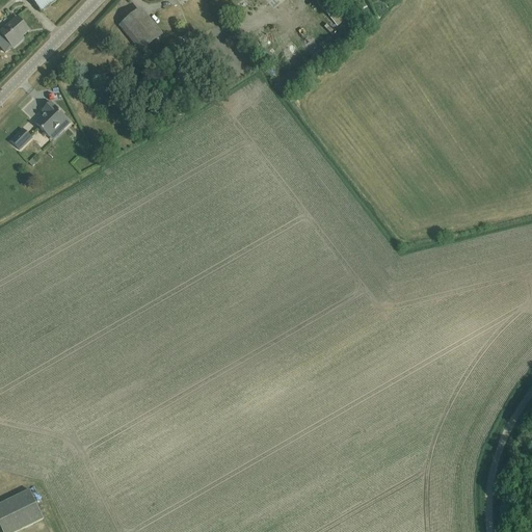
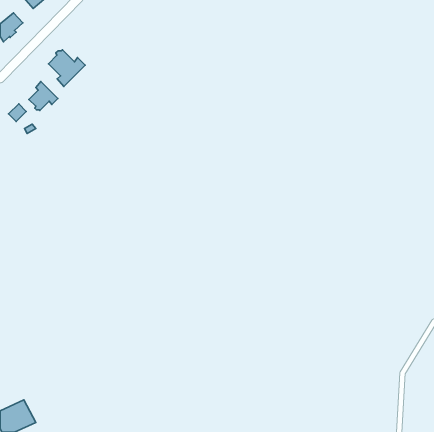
building: [121,7,162,49] -> none
building: none -> [48,50,85,87]

